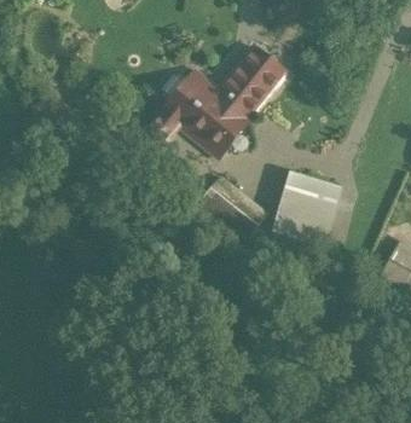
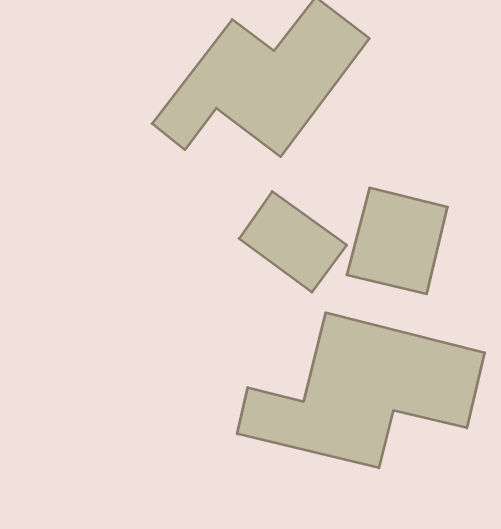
building: none -> [237,313,485,468]

